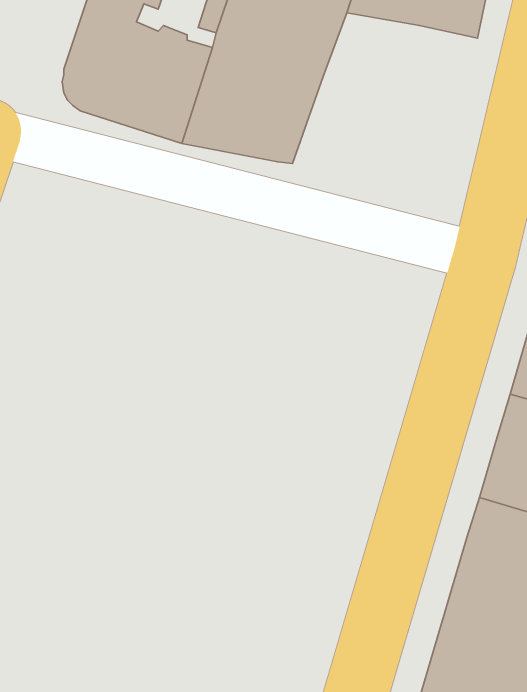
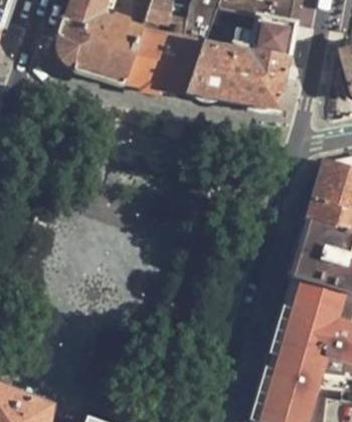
building: none -> [188,16,296,110]

